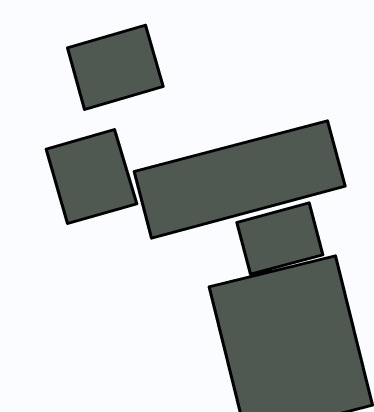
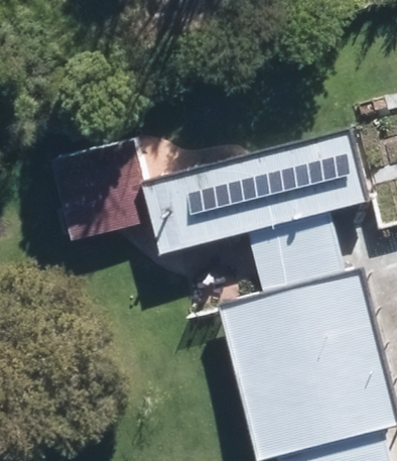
building: [68,25,163,110] -> none

